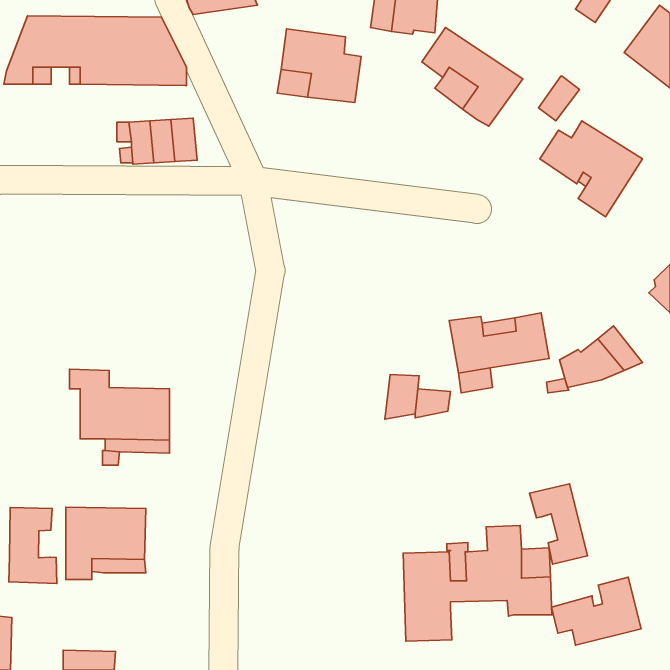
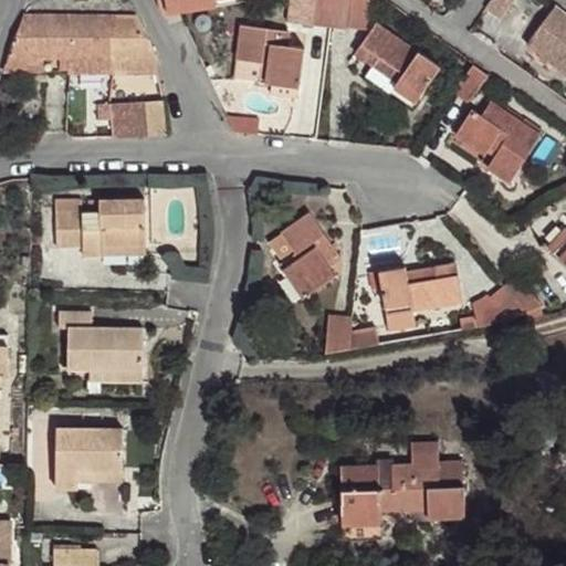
building: none -> [55,199,145,255]
building: none -> [279,212,335,297]
building: [530,484,588,564] -> none
building: [9,507,57,583] -> none
building: [551,577,641,645] -> none

